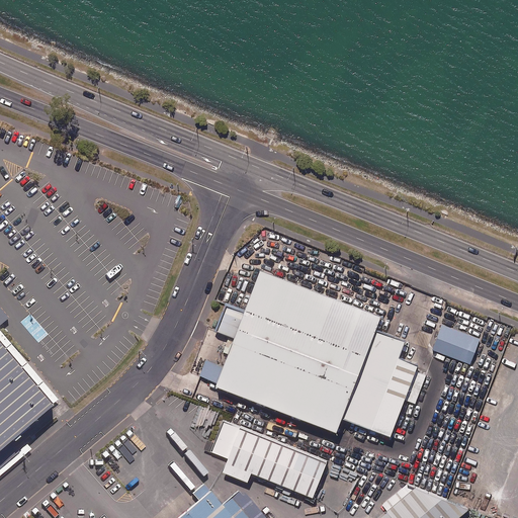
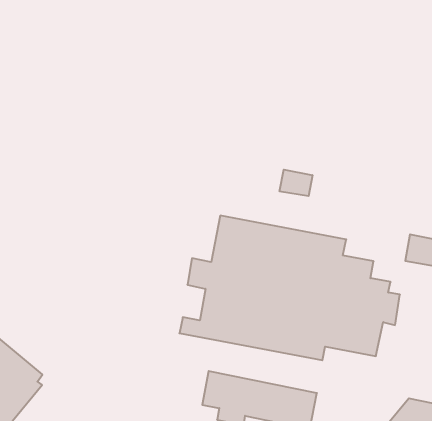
building: none -> [280,170,312,196]

